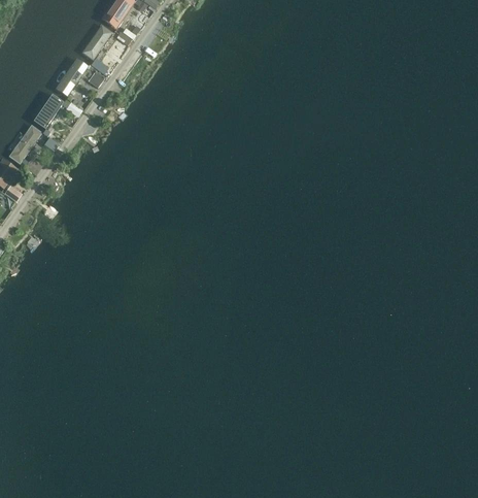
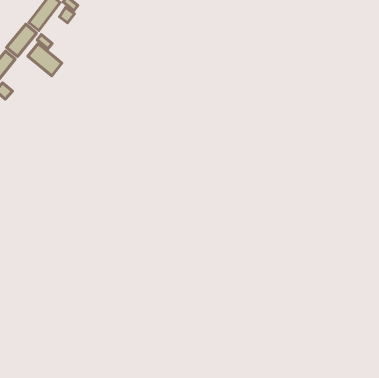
building: none -> [28,44,62,76]

